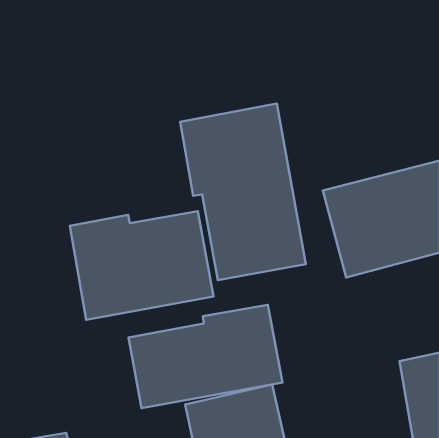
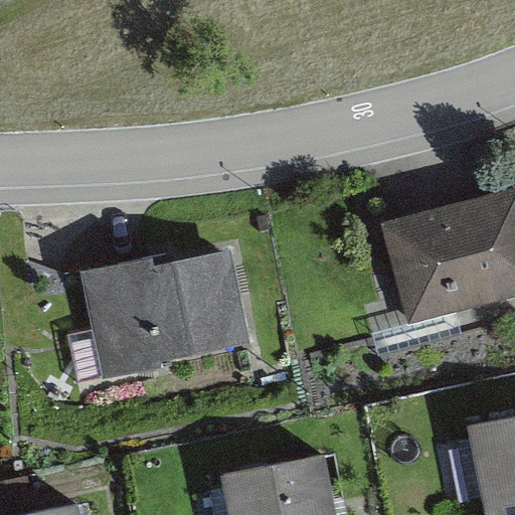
building: [180,103,306,280] -> none
building: [129,305,283,408] -> none

